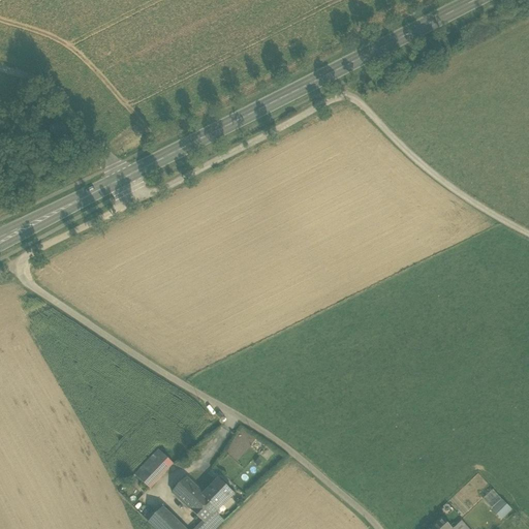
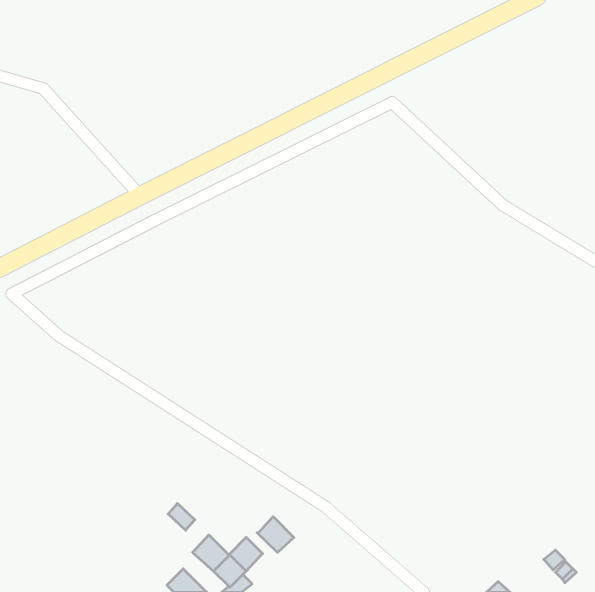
building: [133,456,164,486] -> none
building: none -> [257,517,294,552]

